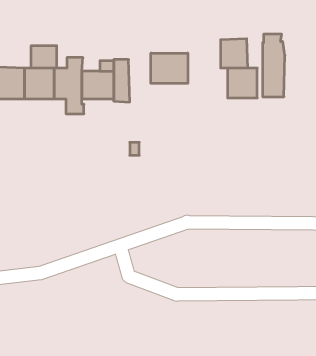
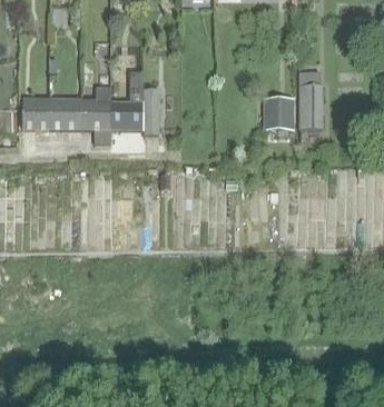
building: [221,39,248,68] -> none
building: [31,46,57,68] -> none
building: [151,53,188,83] -> none

